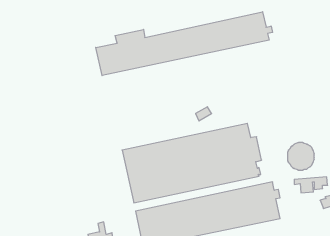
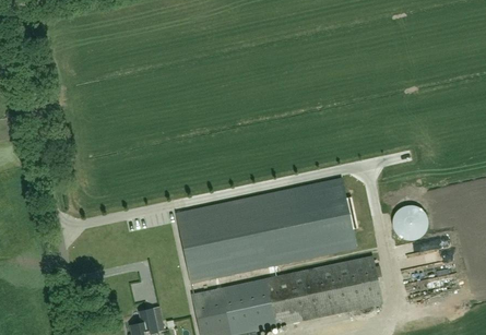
building: [96,12,273,76] -> none

